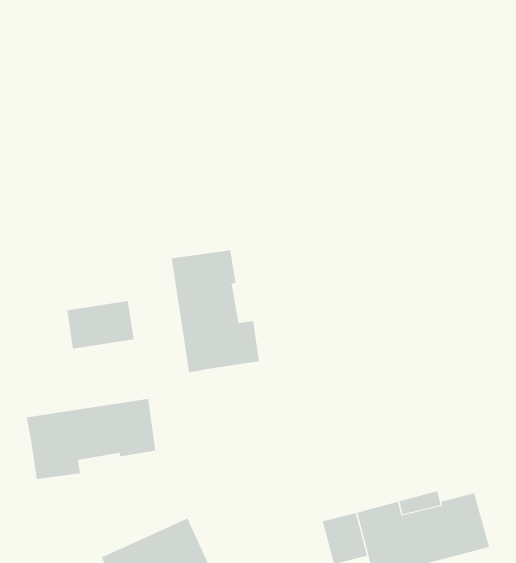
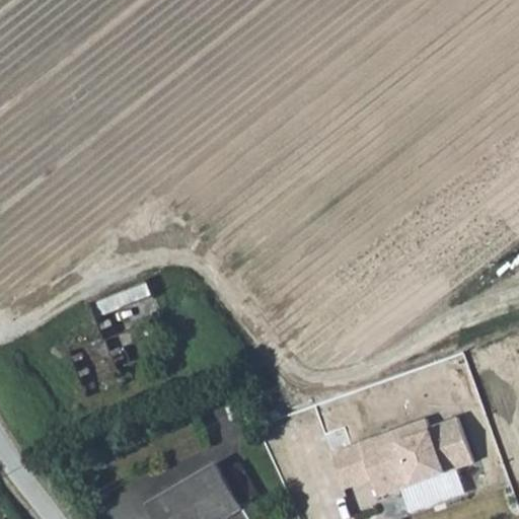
building: [171,249,259,373] -> none
building: [26,398,156,480] -> none

